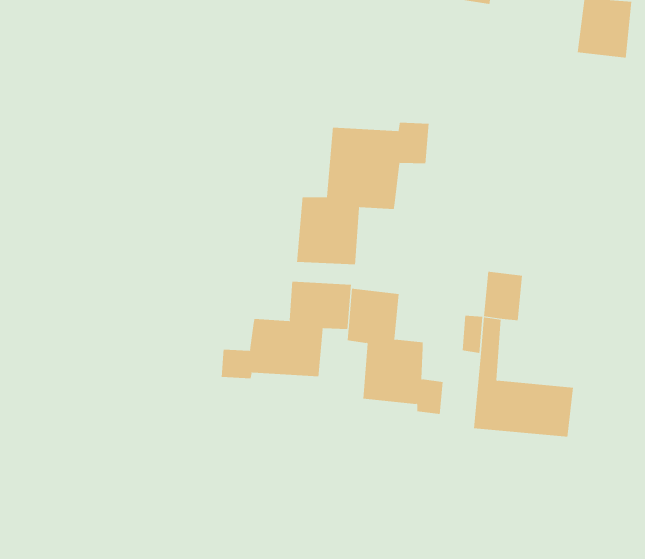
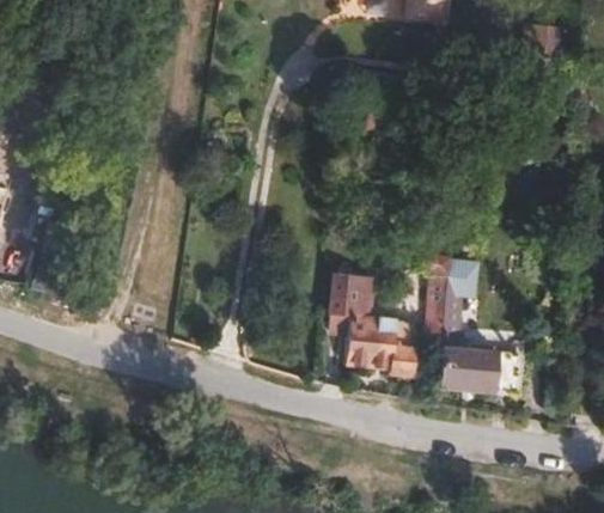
building: [297,122,429,265] -> none
building: [221,281,351,379] -> none

